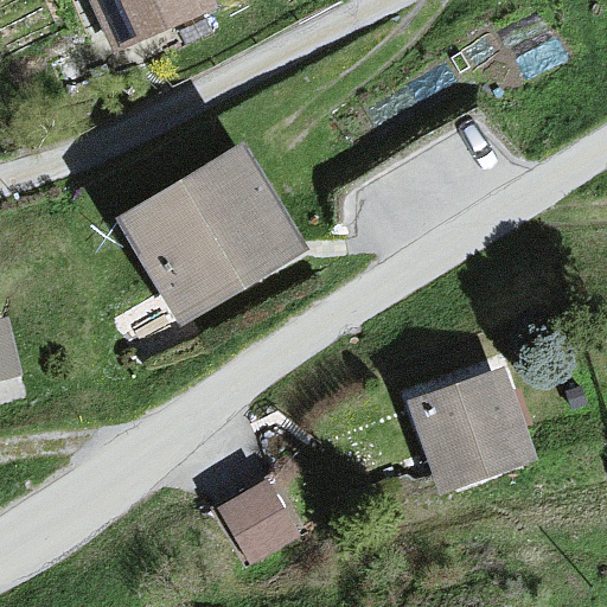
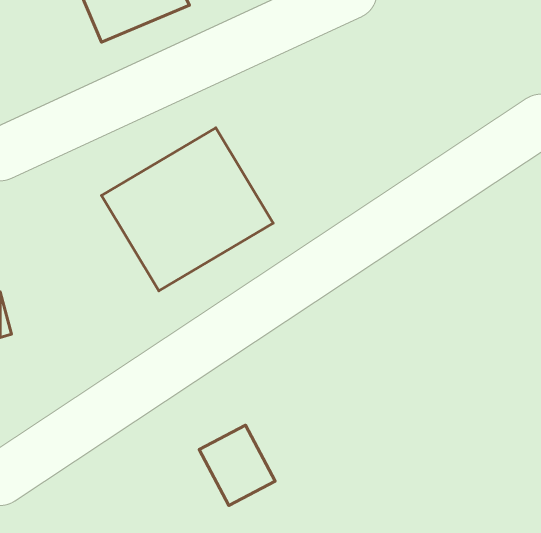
building: [407,363,542,497] -> none

